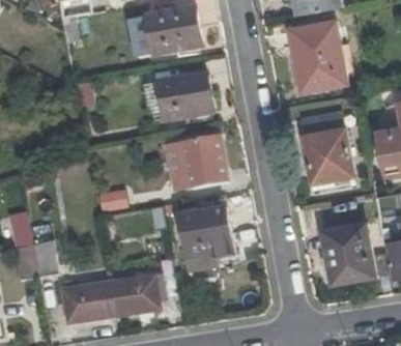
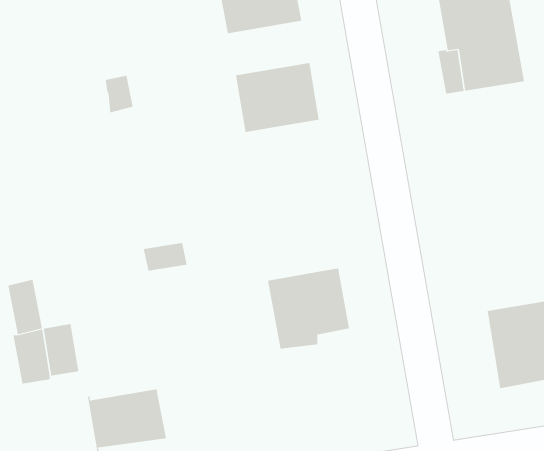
building: [299,115,351,192] -> none
building: [166,134,226,189] -> none
building: [107,276,161,317] -> none

